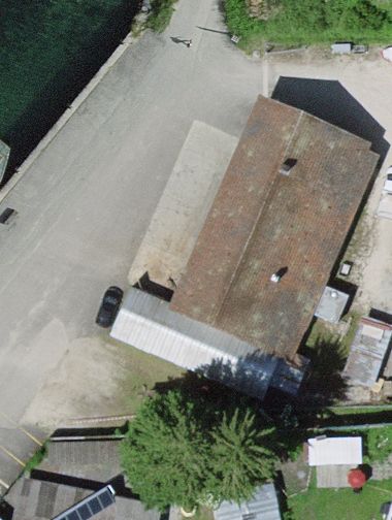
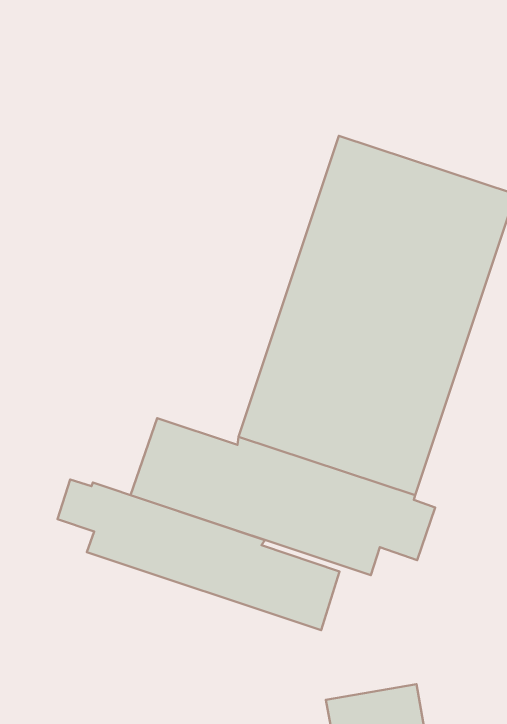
building: none -> [57,479,340,630]

